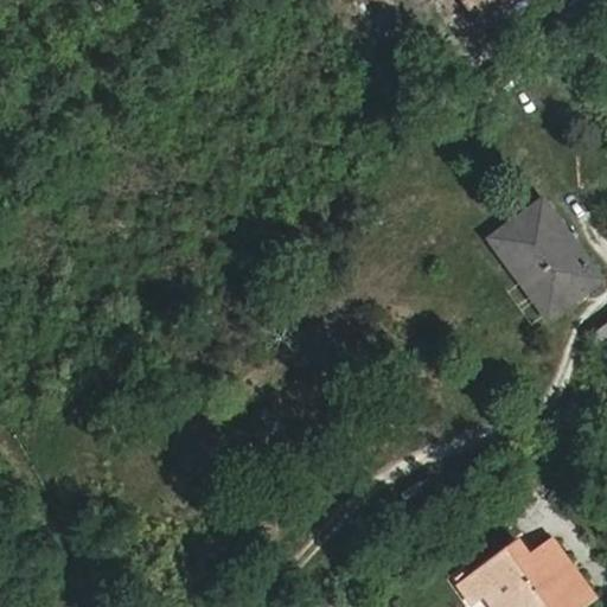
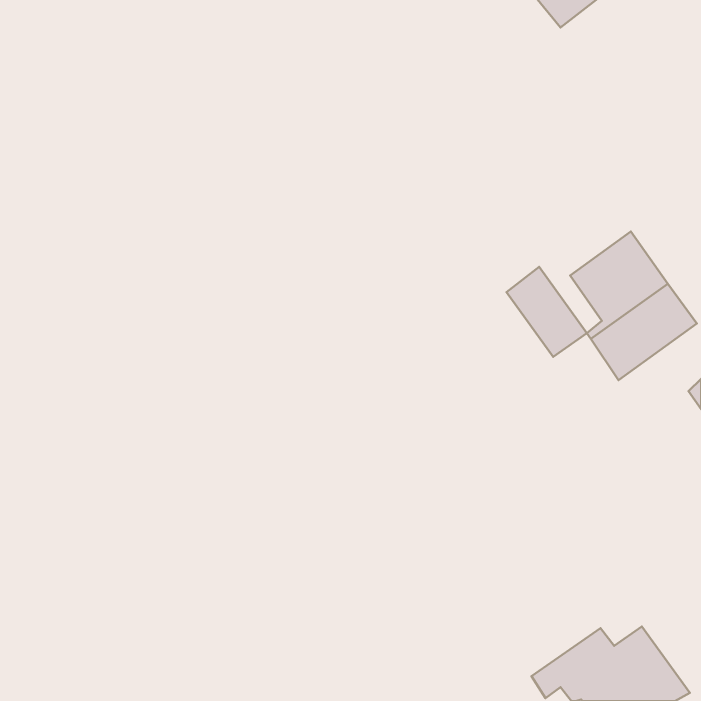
building: none -> [507,267,587,357]

